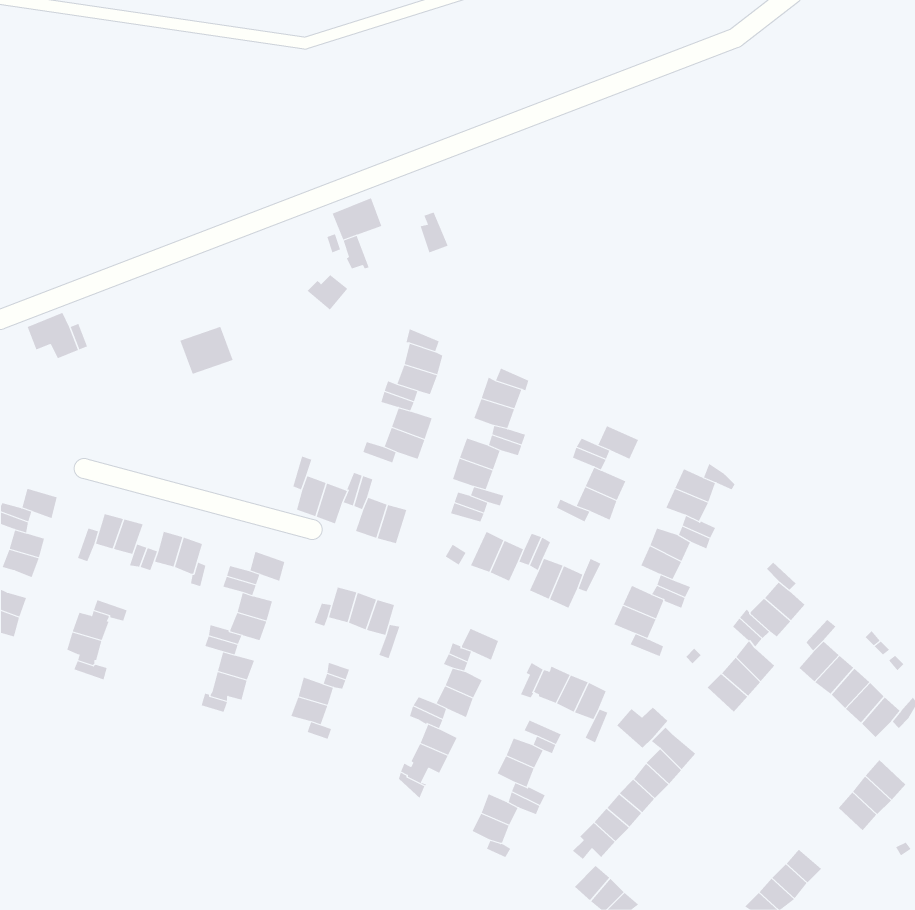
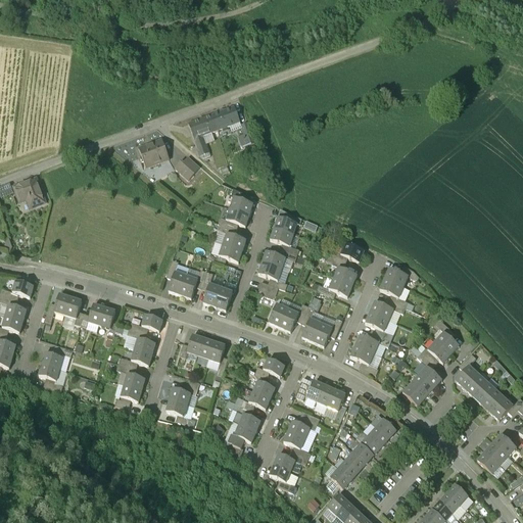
building: none -> [212,104,241,129]
building: [180,326,233,375] -> [140,138,171,165]
building: [617,707,668,749] -> none

